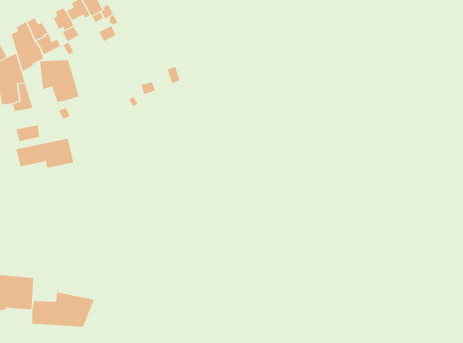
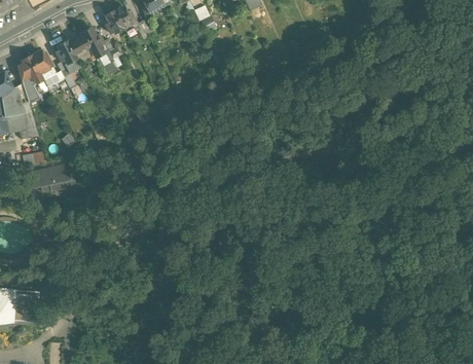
building: [39,60,79,103] -> none
building: [32,292,94,328] -> none

